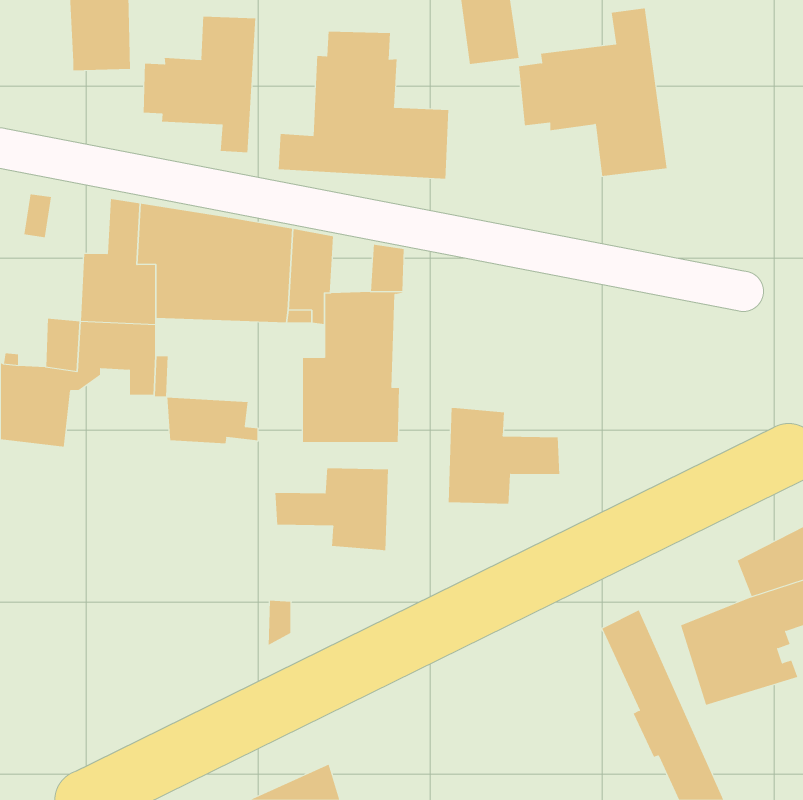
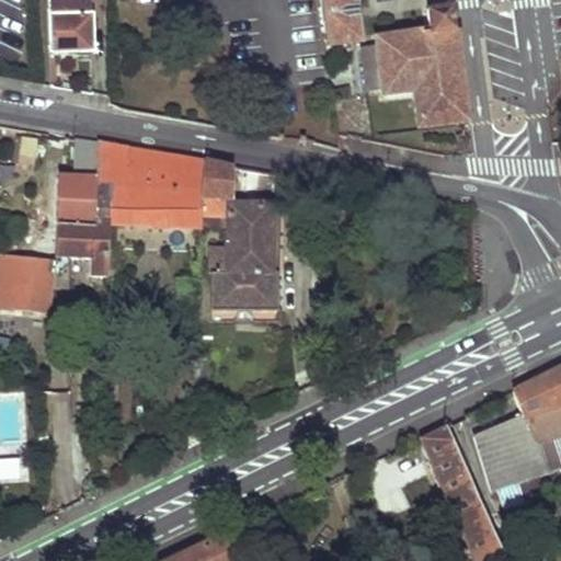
building: [143,16,256,153] -> none
building: [278,31,449,180] -> none
building: [167,397,258,444] -> none
building: [448,407,560,504] -> none
building: [275,467,388,551] -> none

